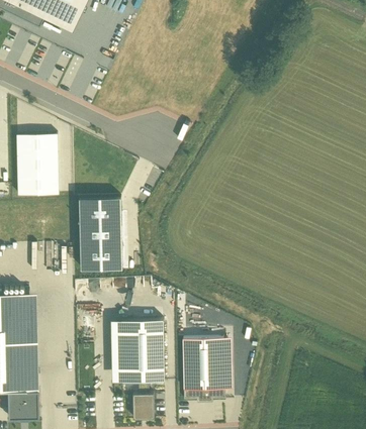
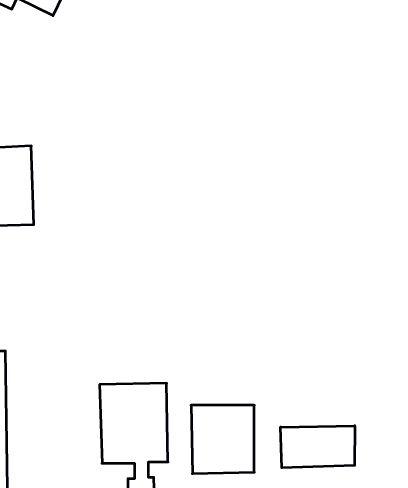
building: [77,195,122,271] -> none
building: none -> [281,426,355,468]

